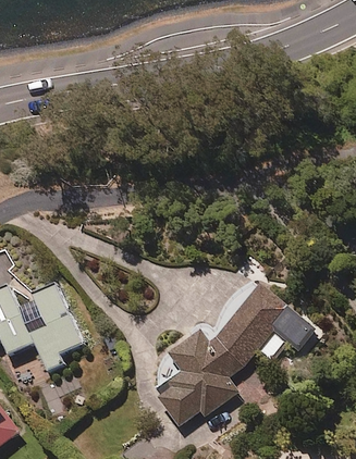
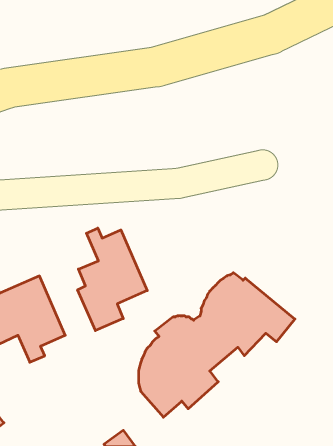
building: none -> [78,228,147,331]

